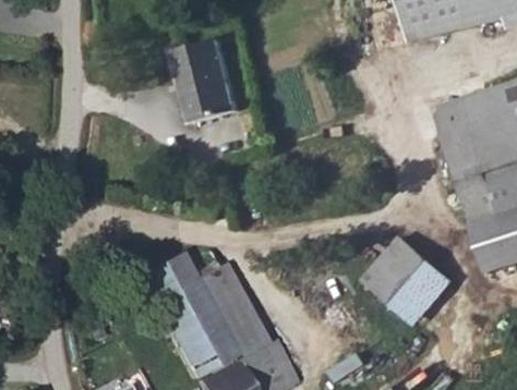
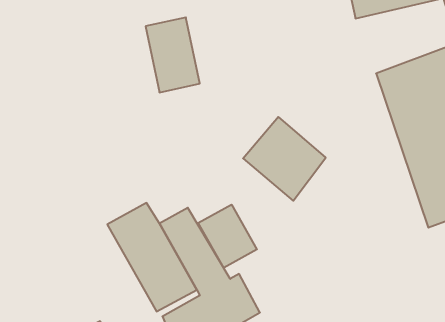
building: [363,237,455,330] -> [243,117,326,201]
building: none -> [198,205,257,268]

